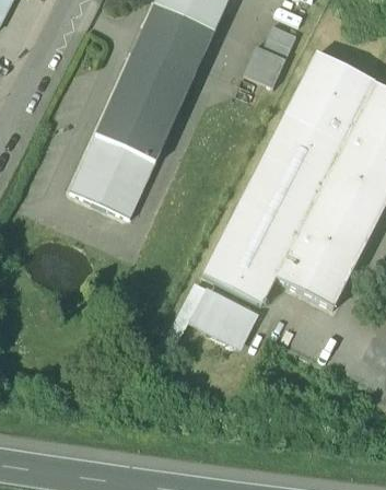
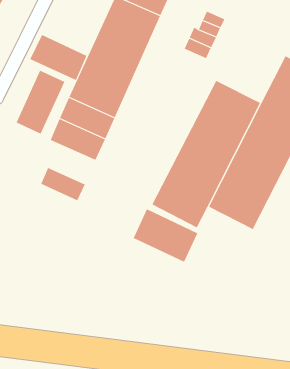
building: [284,50,374,142] -> none
building: none -> [29,34,87,81]
building: none -> [16,70,65,135]
building: none -> [40,167,86,201]

